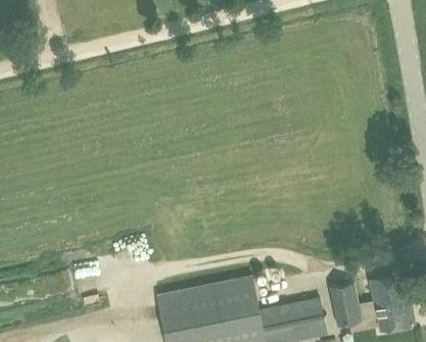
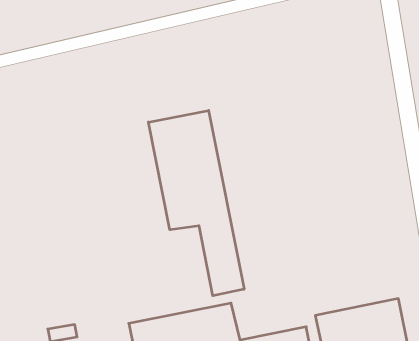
building: none -> [148,110,244,296]

